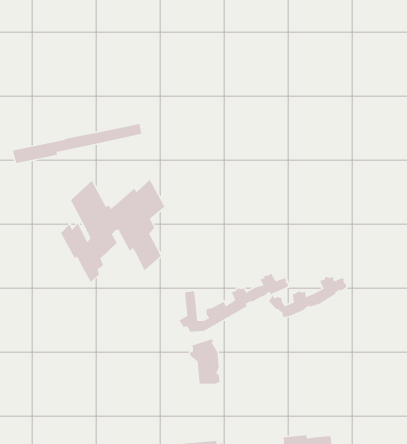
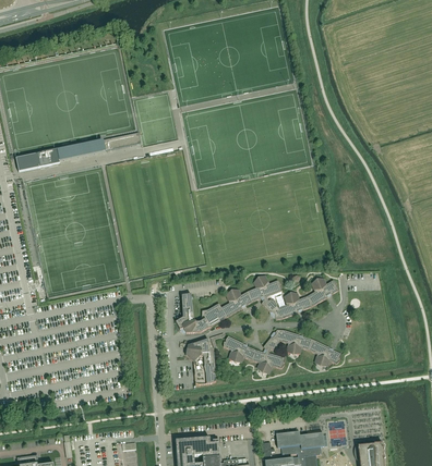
building: [60,179,166,283] -> none
building: none -> [224,329,341,373]

